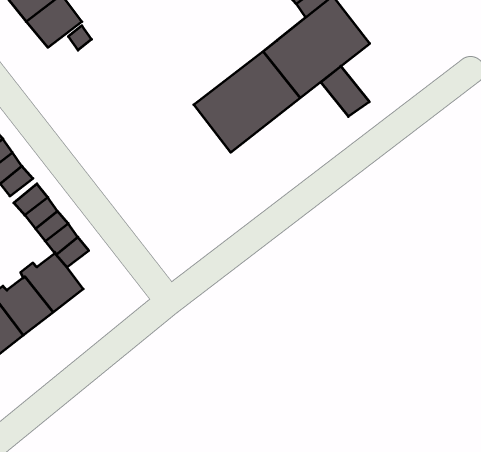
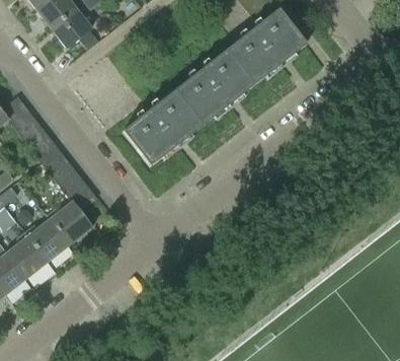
building: [321,66,369,117] -> none
building: none -> [123,89,203,165]

